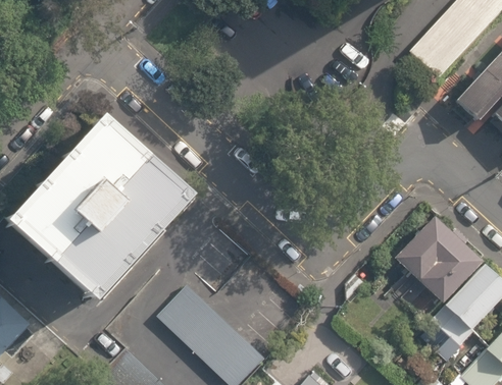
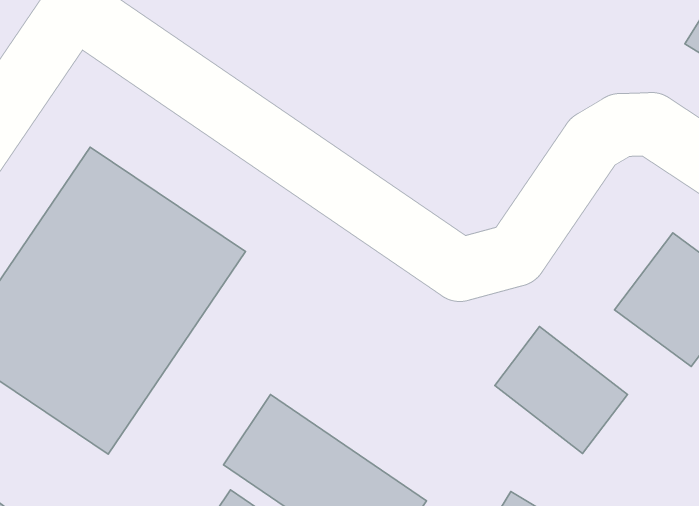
building: none -> [495,327,627,453]

